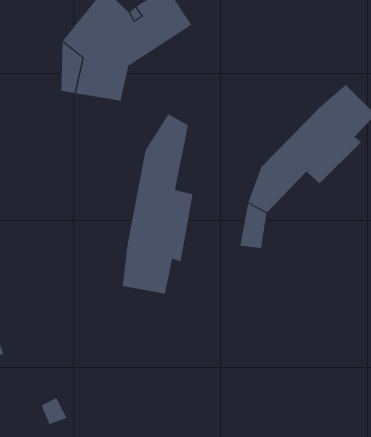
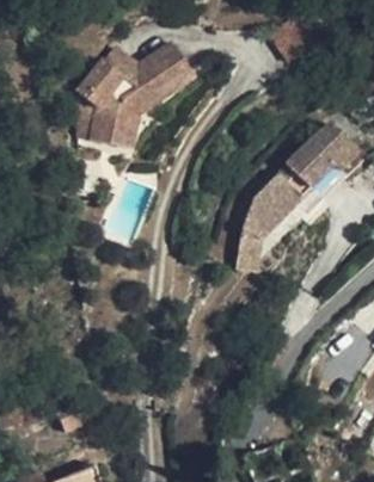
building: [122,113,193,294] -> none

